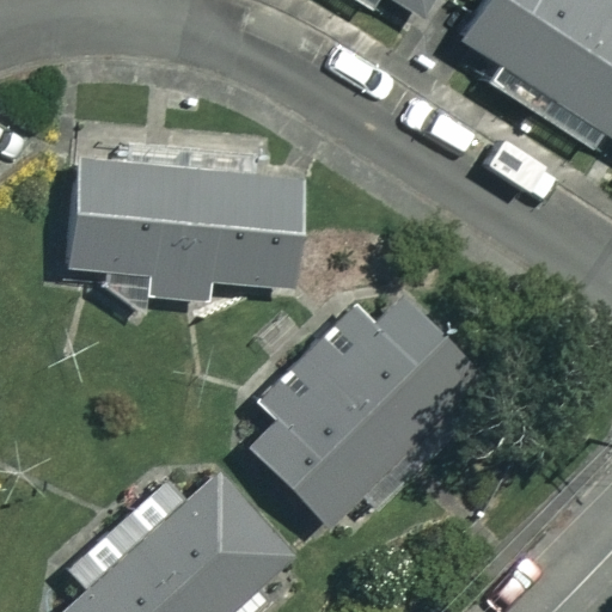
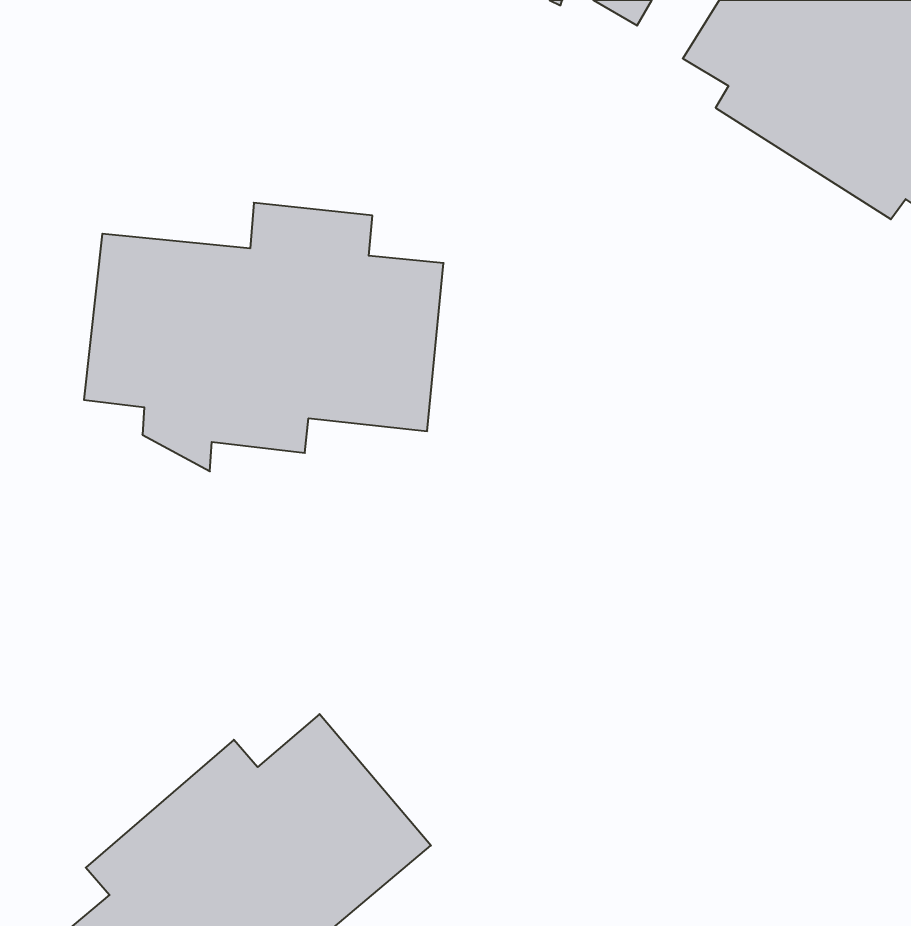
building: [234,276,478,522] -> none

